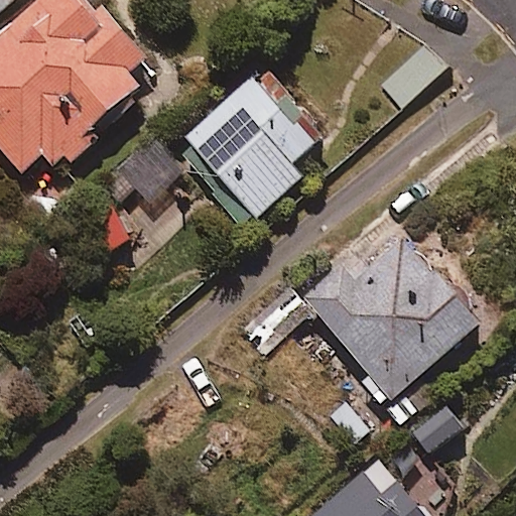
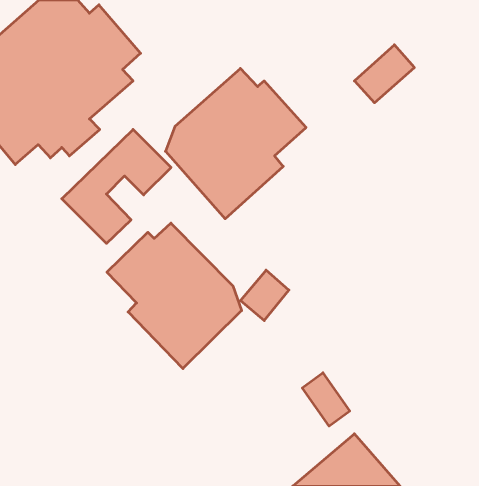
building: [302,236,480,400] -> none
building: none -> [107,223,242,369]

